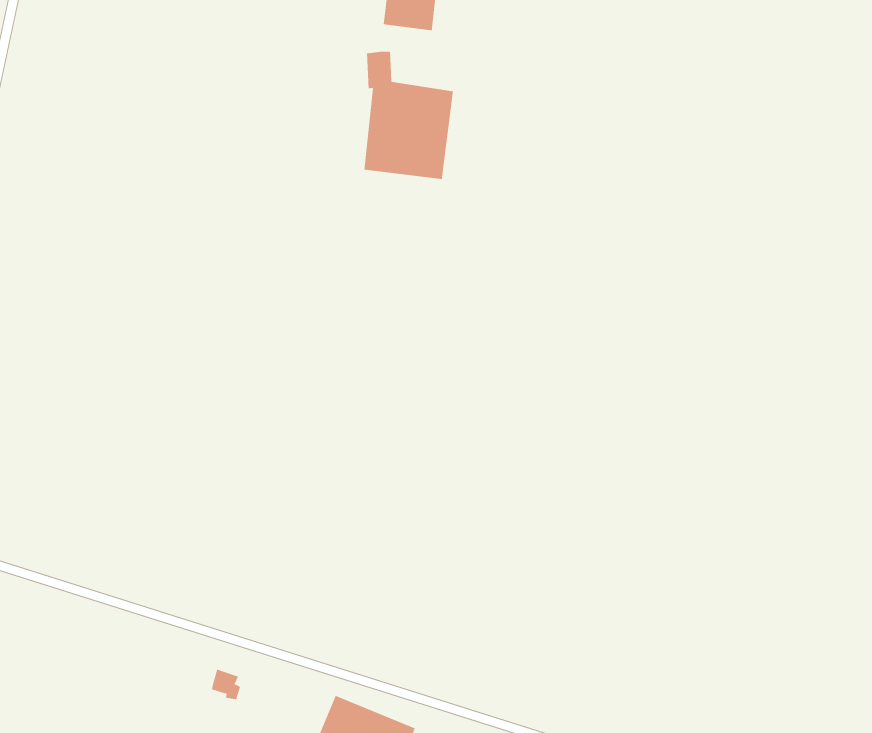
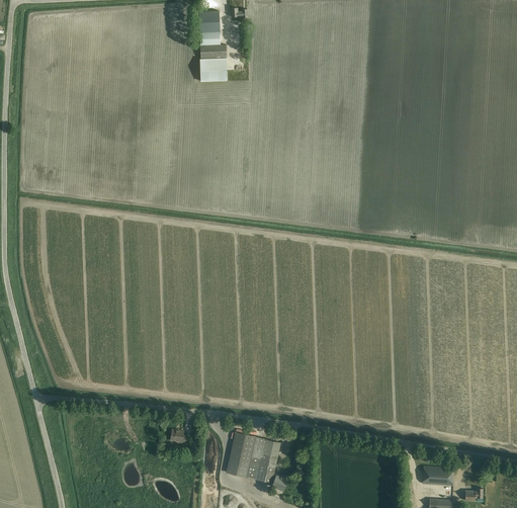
building: [364,51,454,180] -> none

